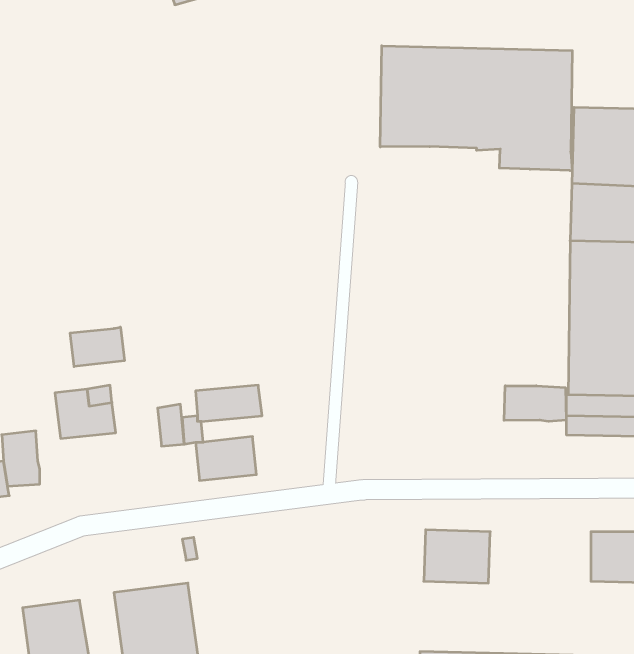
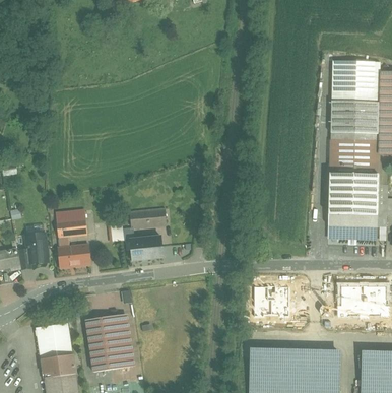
building: [380,46,572,171] -> none
building: [70,327,124,367] -> none
building: [504,386,566,421] -> none
building: none -> [58,236,90,267]

